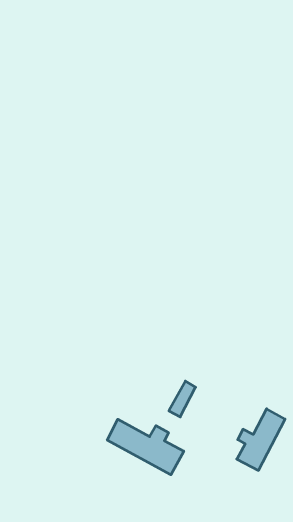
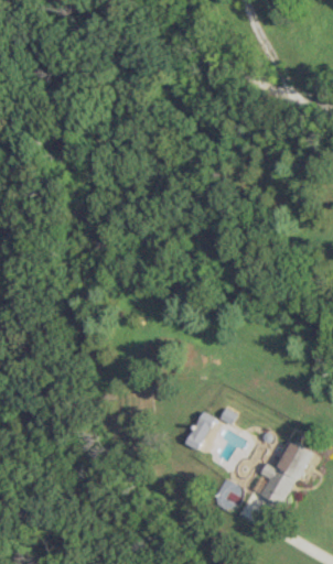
building: [107,419,184,475] -> none

